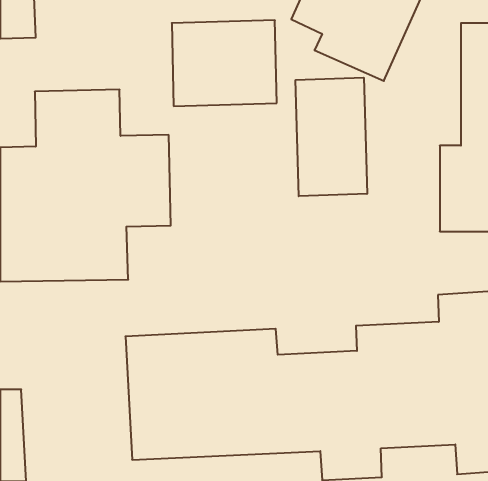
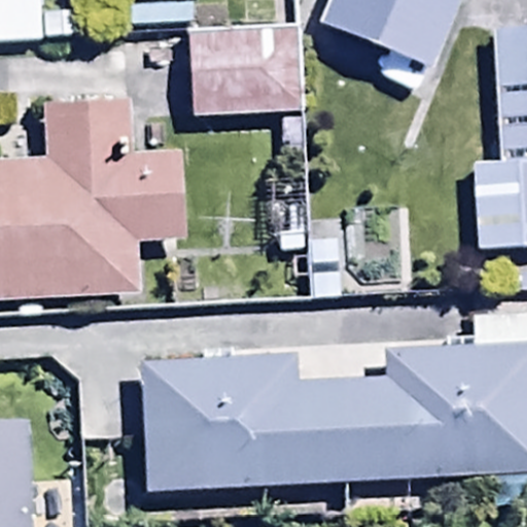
building: [296,78,367,196] -> none

